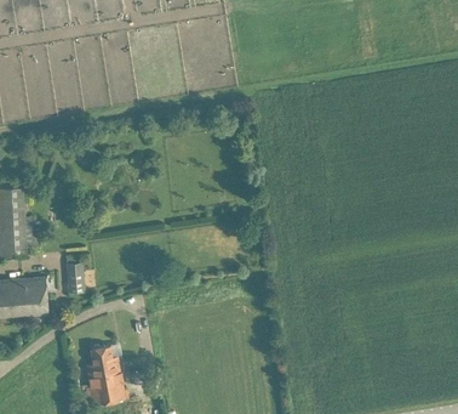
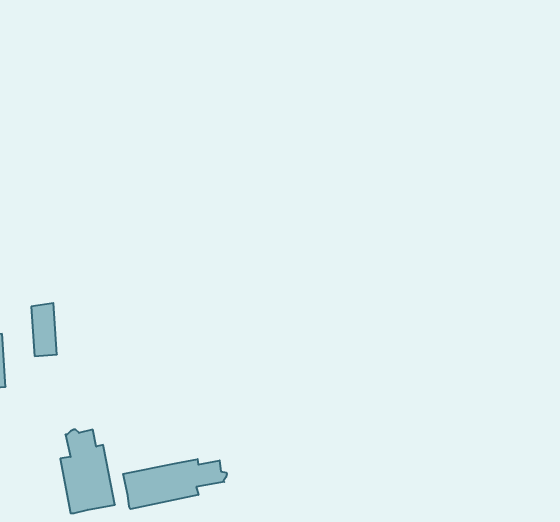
building: none -> [123,459,227,509]

